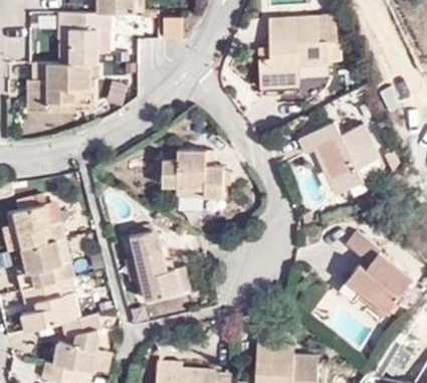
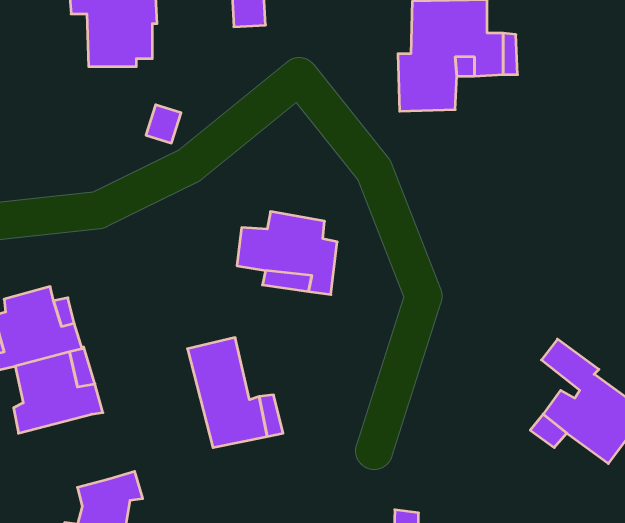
building: [21,59,93,113] -> none
building: [295,122,382,196] -> none
building: [18,278,77,334] -> none

